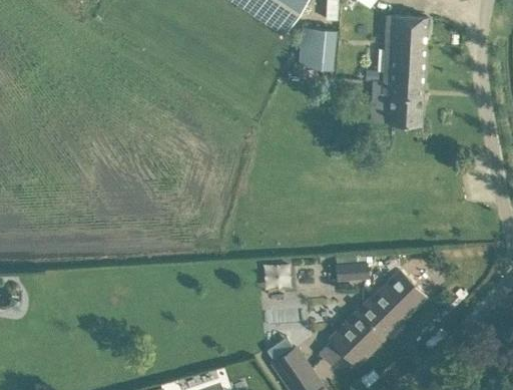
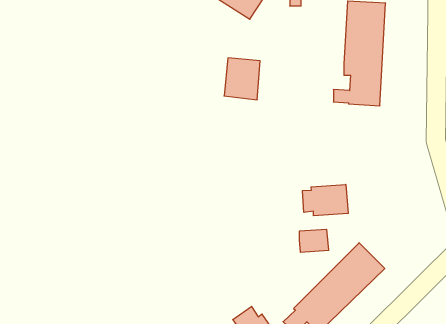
building: [297,29,335,73] -> [224,58,260,100]
building: none -> [302,184,348,216]

